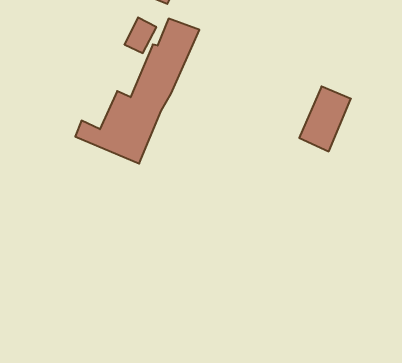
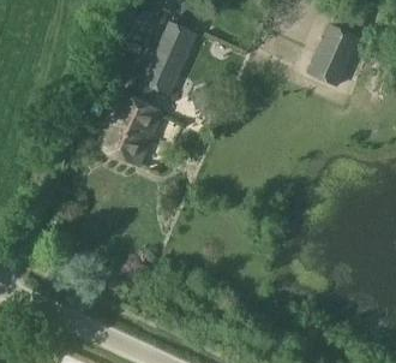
building: [299,86,351,151] -> [307,25,358,89]

